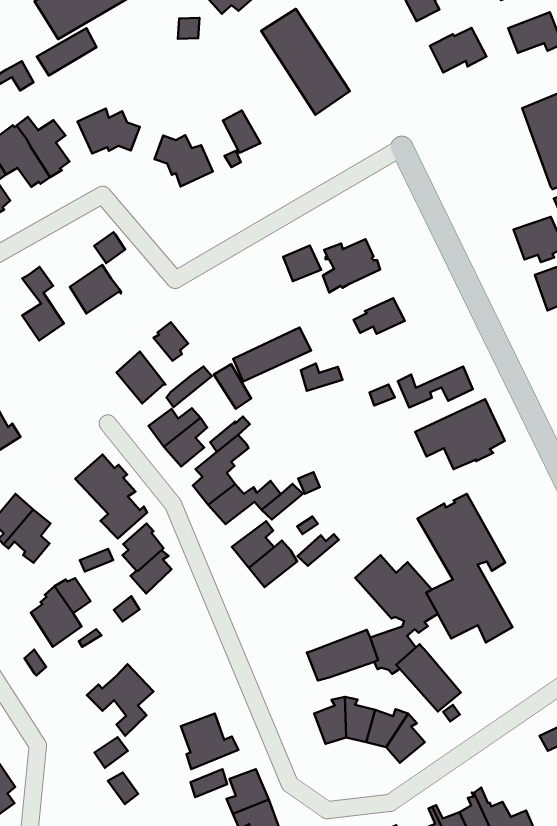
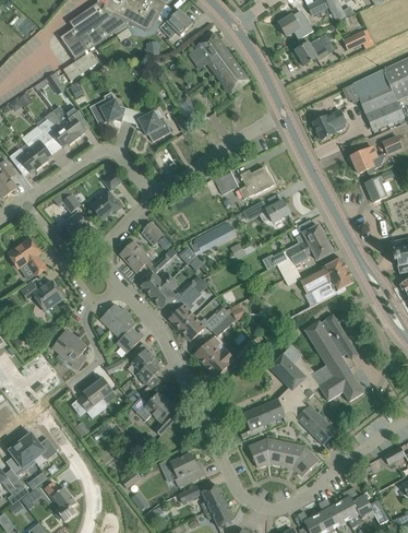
building: none -> [312,109,346,139]
building: none -> [295,224,325,252]
building: [87,664,153,736] -> [135,391,175,434]

